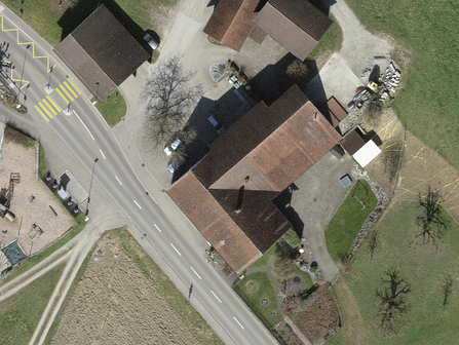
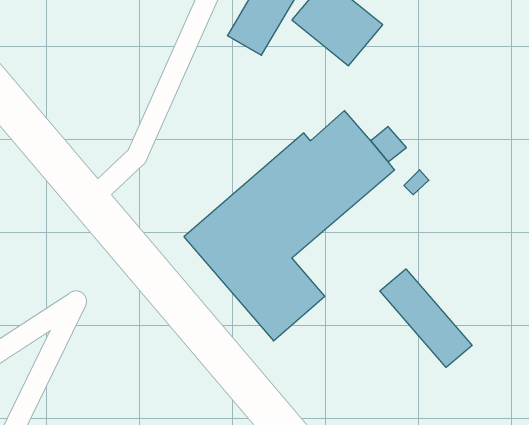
building: [58,12,144,99] -> none
building: none -> [380,269,472,367]

